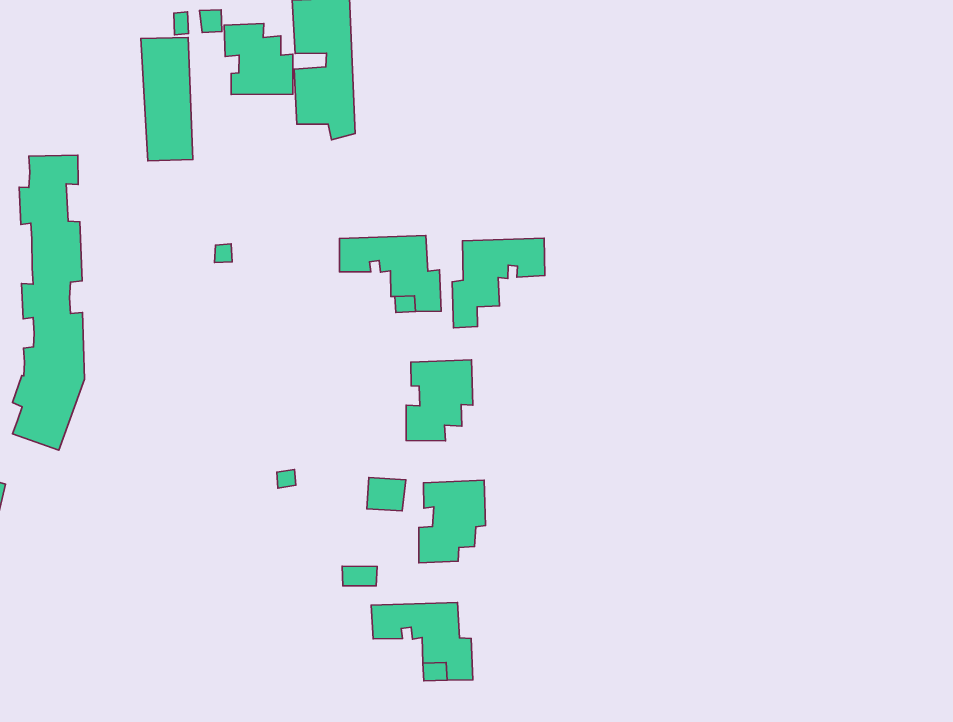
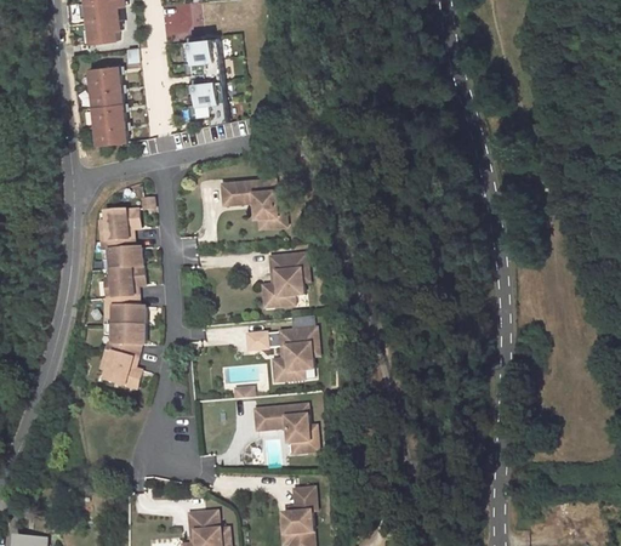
building: [224,23,293,94] -> none
building: [12,155,84,450] -> [101,204,148,387]
building: [452,238,545,328] -> none

